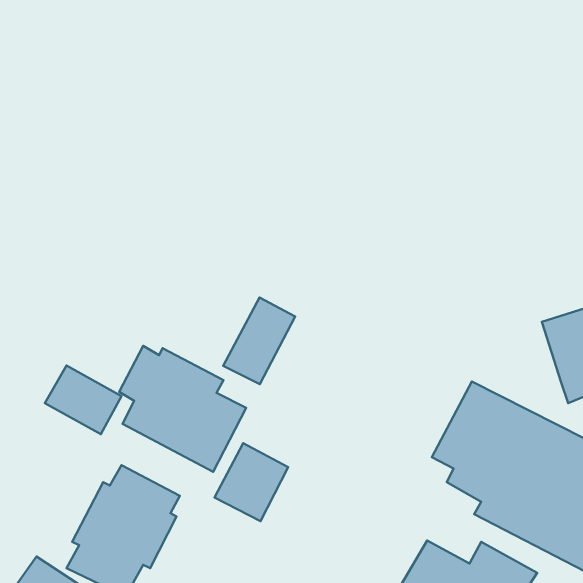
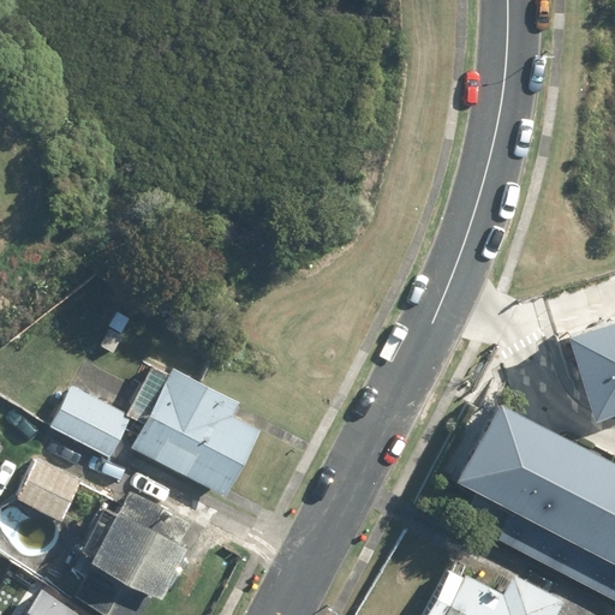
building: [223,297,295,384] -> none
building: none -> [16,458,80,520]
building: [215,443,288,521] -> none

